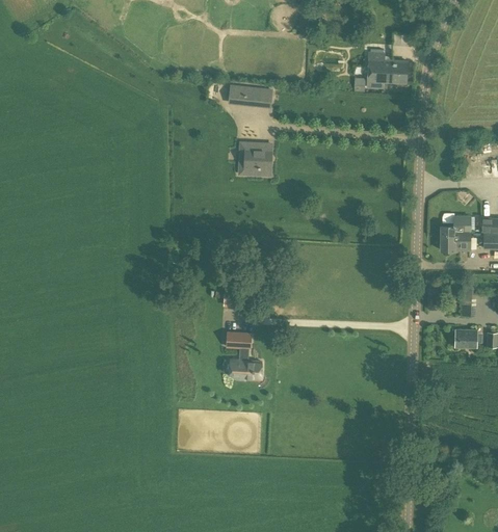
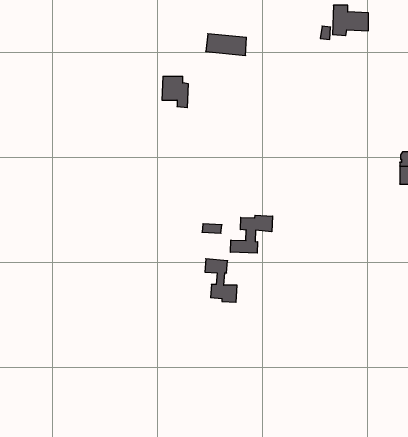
building: [243,142,272,177] -> [162,76,188,108]
building: none -> [230,215,273,253]

